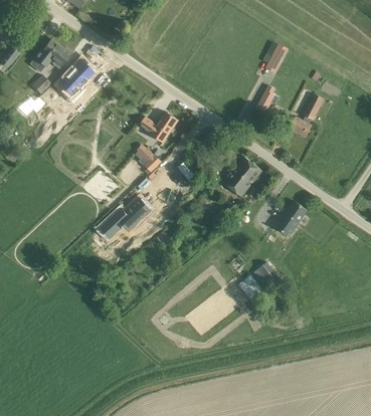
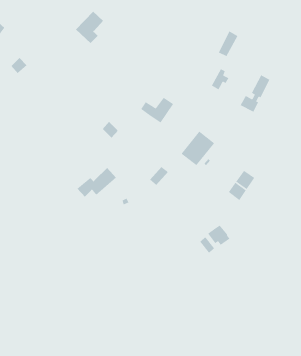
building: [34,38,70,66] -> none
building: [59,61,91,98] -> [75,11,104,44]
building: [139,112,177,142] -> [140,97,174,124]

